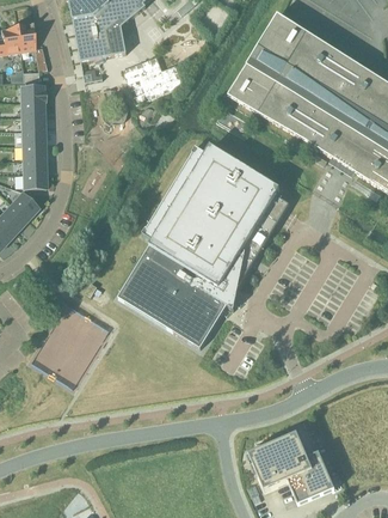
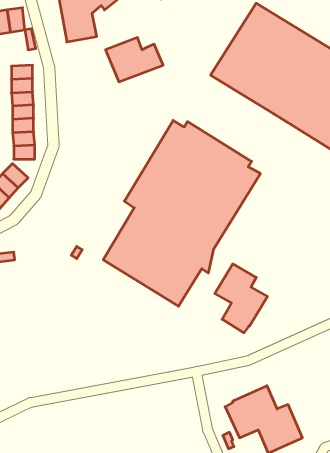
building: none -> [215,264,267,333]
building: [36,304,109,383] -> none

